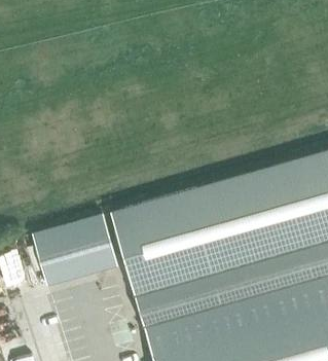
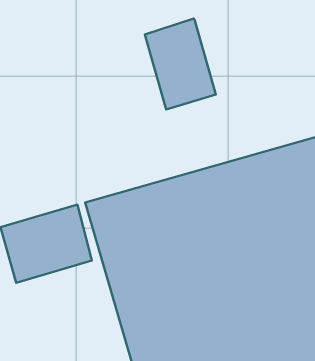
building: none -> [145,19,216,110]

